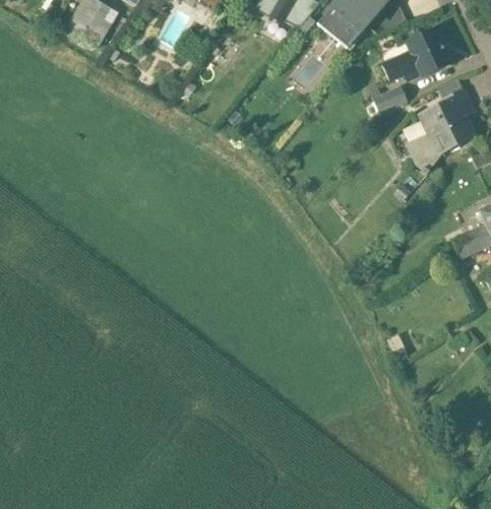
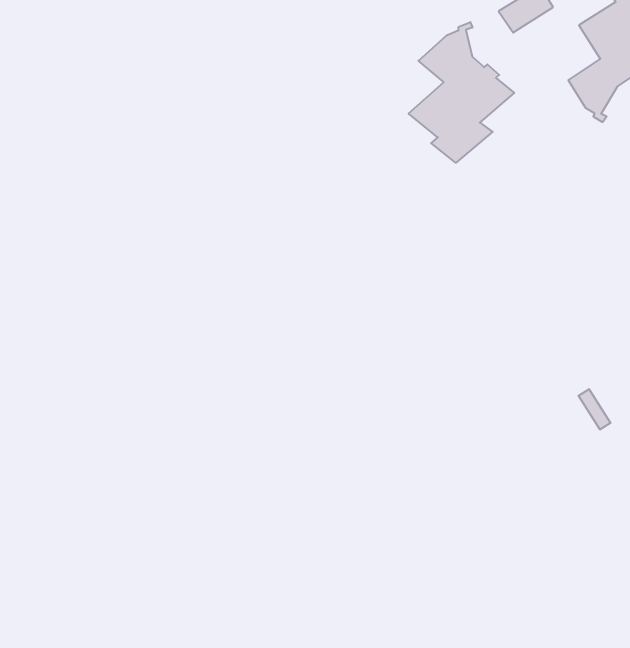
building: none -> [409,22,514,163]

